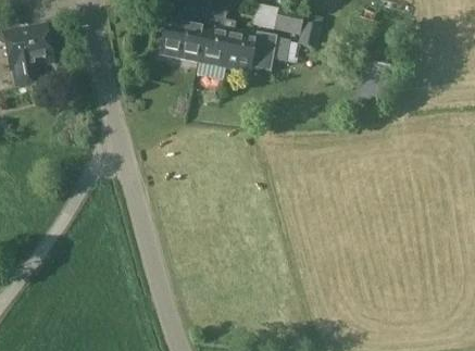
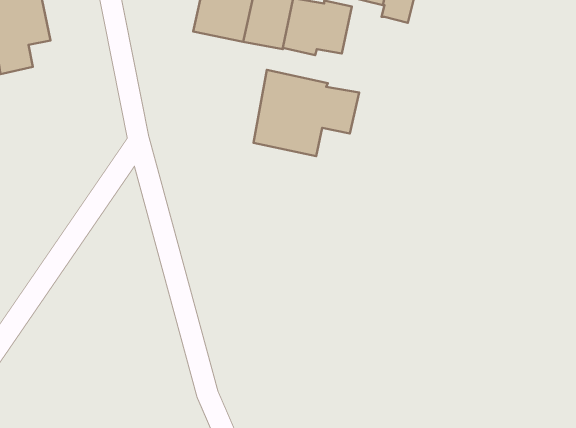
building: none -> [253,70,359,156]

